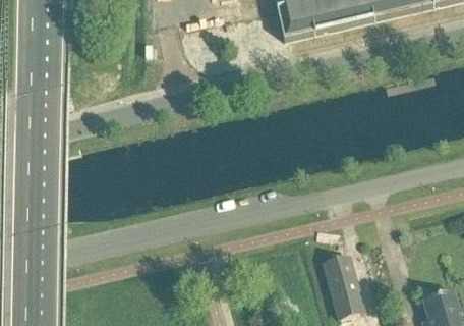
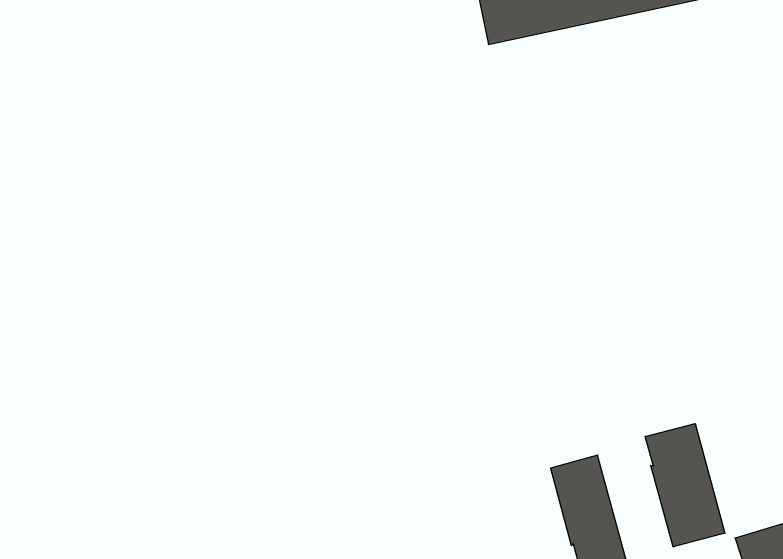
building: none -> [645,424,725,547]

